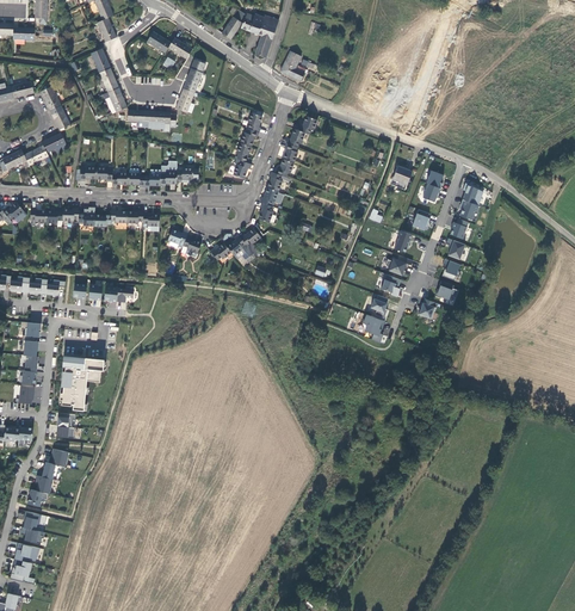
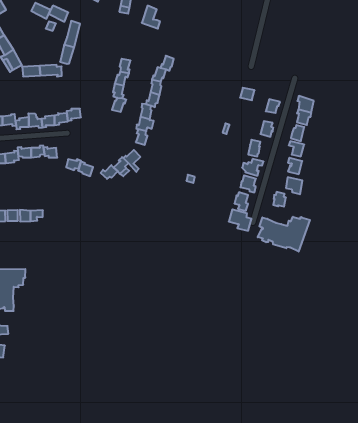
building: none -> [258,217,310,252]

